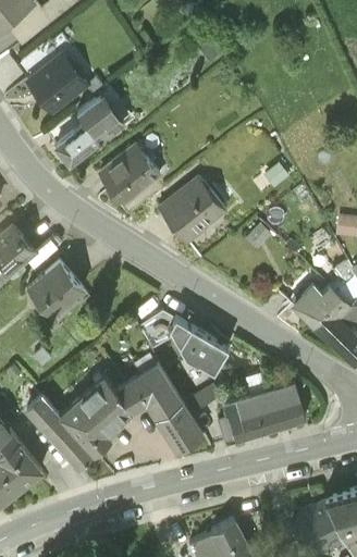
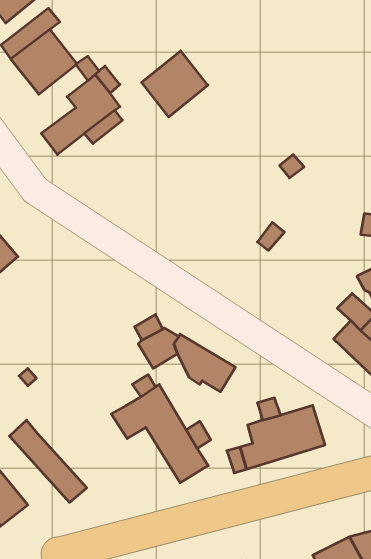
building: [100,143,159,201] -> [142,51,208,117]
building: [159,175,224,242] -> none
building: [28,263,84,318] -> none
building: [293,286,329,325] -> none
building: [51,377,131,457] -> none

